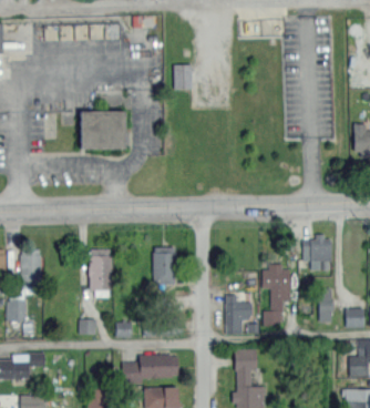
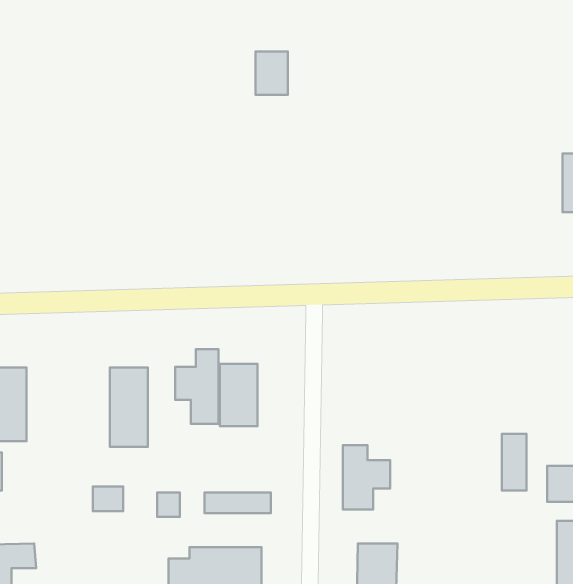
building: [80,111,123,150] -> none
building: [302,235,332,269] -> none
building: none -> [175,349,218,424]
building: [261,265,290,326] -> none

